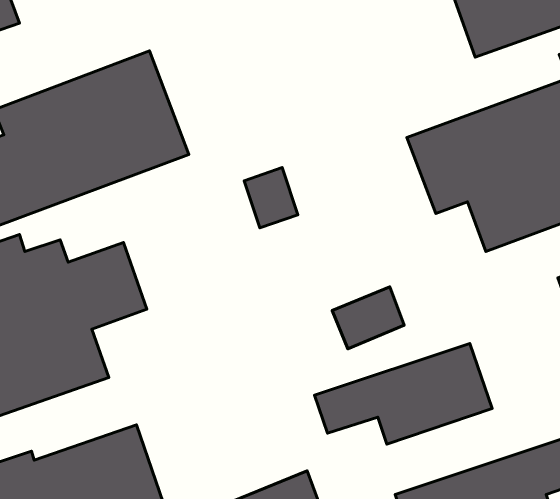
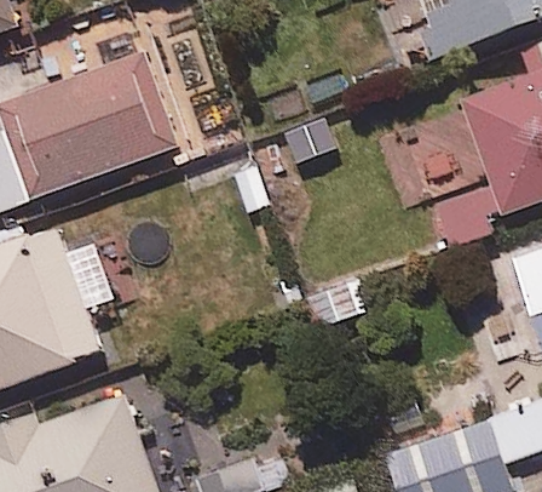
building: [315,343,492,444] -> none

